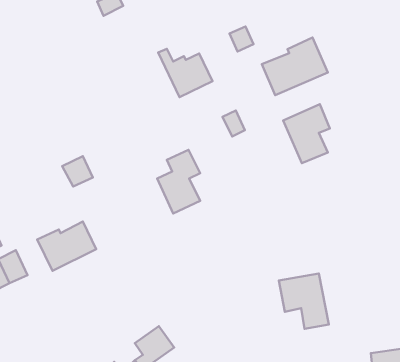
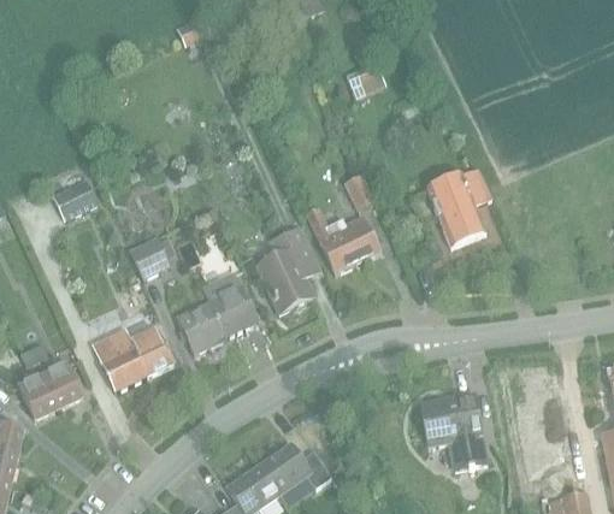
building: [262,37,328,95] -> none
building: [158,49,213,97] -> [307,208,380,273]
building: none -> [52,178,98,220]
building: none -> [177,272,259,353]
building: none -> [259,443,331,494]

